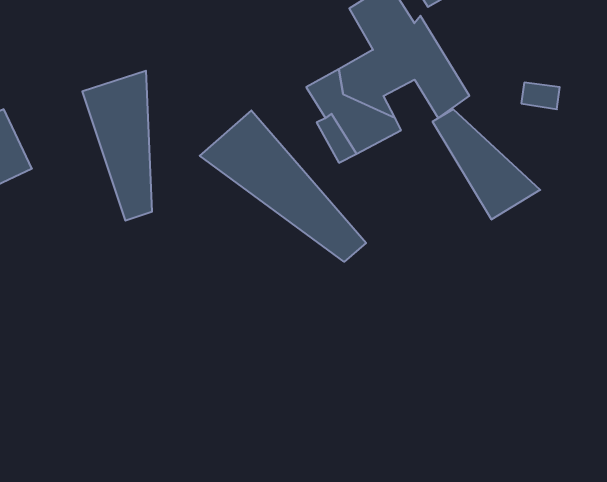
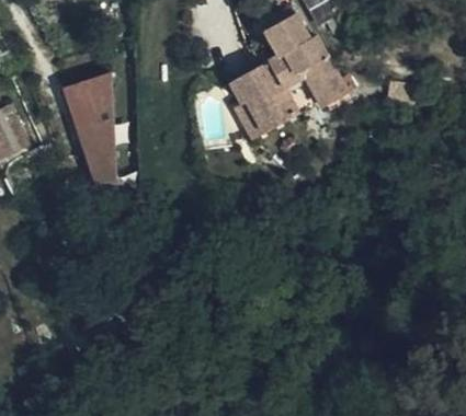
building: [433,109,540,220] -> none
building: [200,110,366,262] -> none

